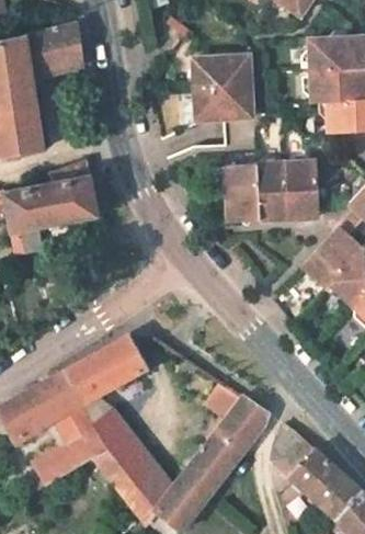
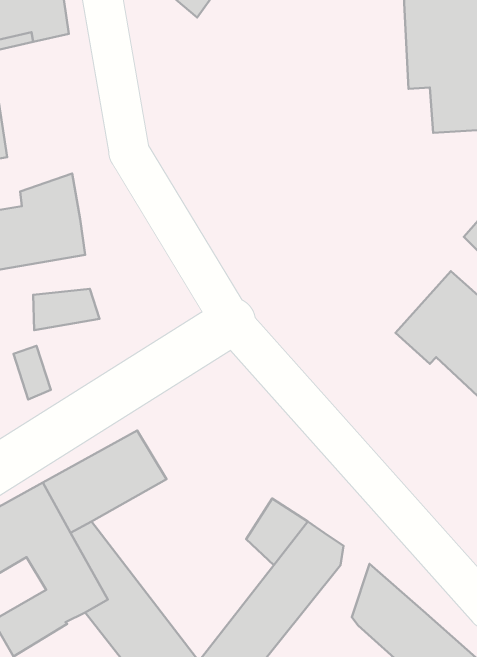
building: [182,52,248,123] -> none
building: [214,161,311,225] -> none
building: none -> [33,289,99,330]

